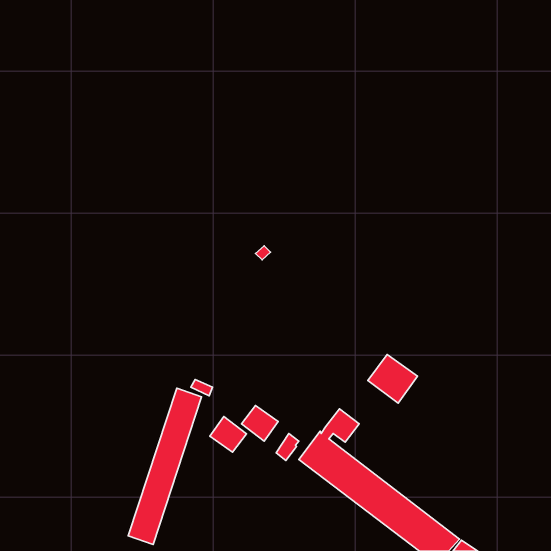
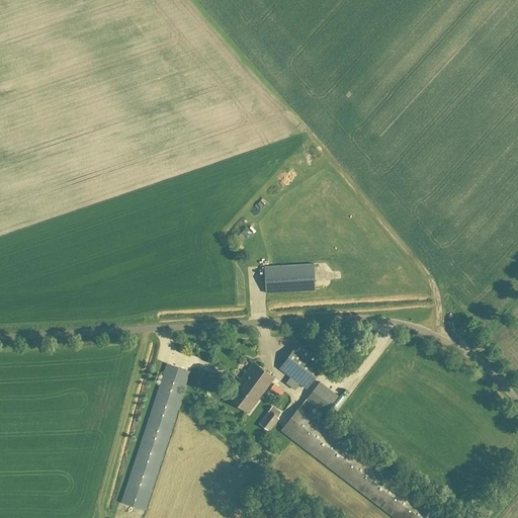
building: none -> [263,264,314,294]
building: [368,355,417,403] -> [278,344,325,390]
building: [210,417,247,452] -> [240,362,274,396]

